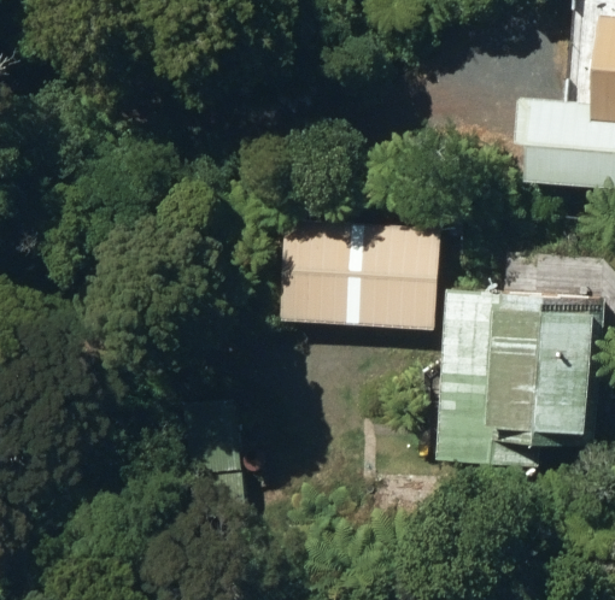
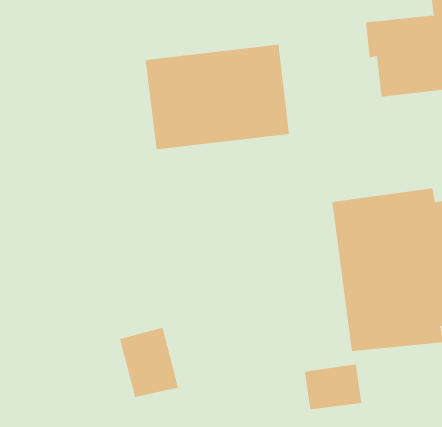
building: [280,219,435,328] -> [145,44,290,150]

